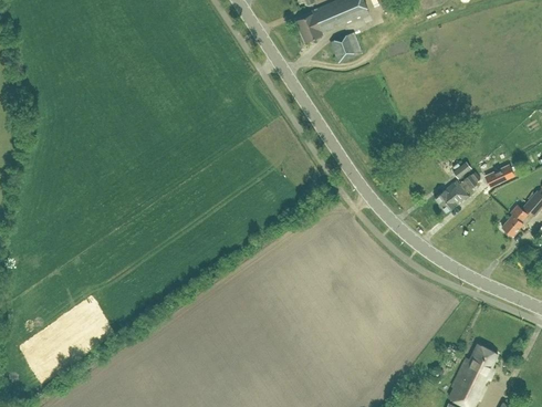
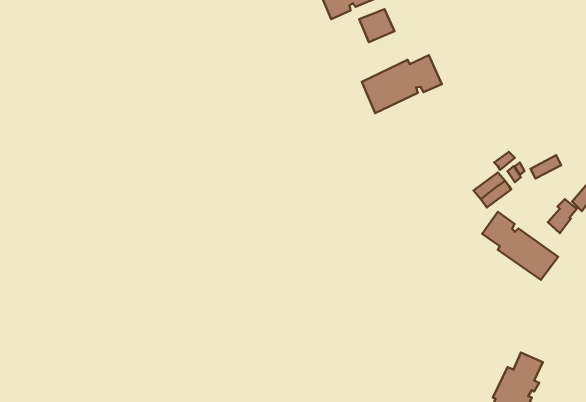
building: none -> [362,55,442,113]
building: none -> [482,212,558,280]

